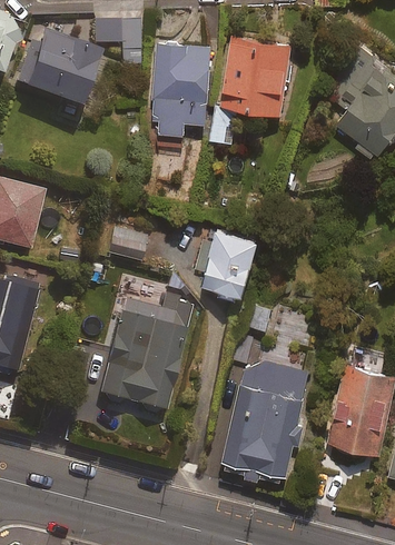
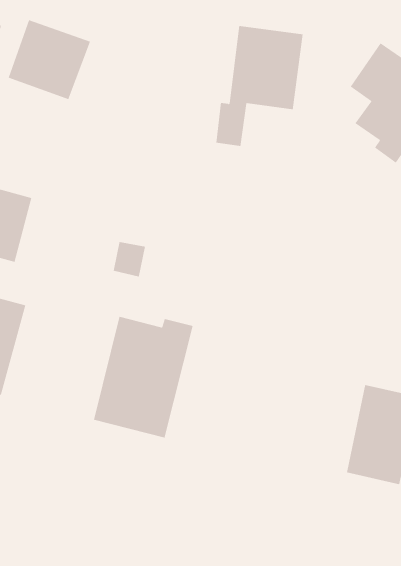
building: [93,19,139,63] -> none
building: [152,43,209,147] -> none
building: [201,225,256,295] -> none
building: [224,340,309,479] -> none

